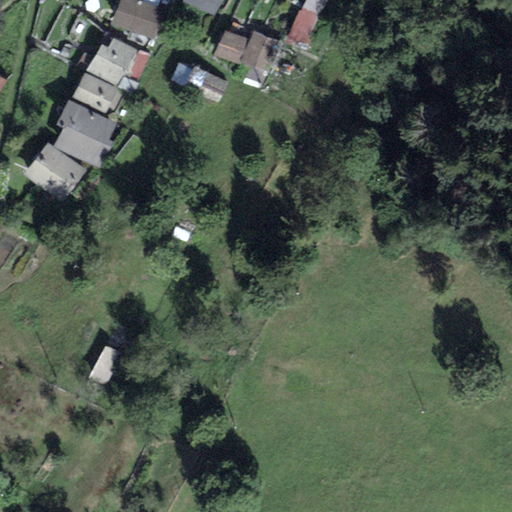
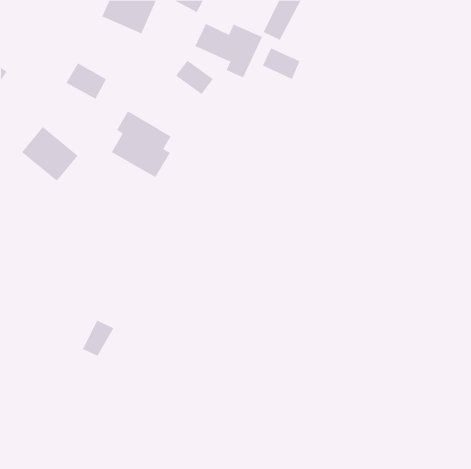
building: [85,36,141,88] -> none
building: none -> [262,48,300,80]
building: [51,95,117,168] -> [111,111,172,178]

